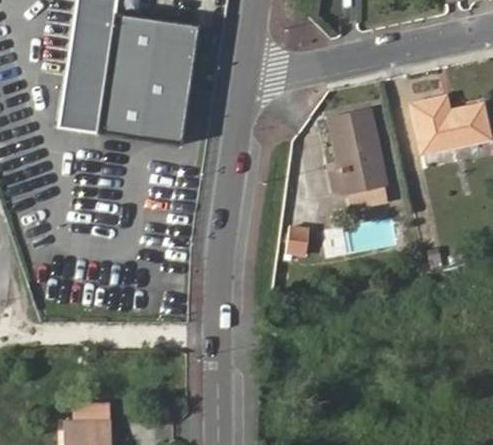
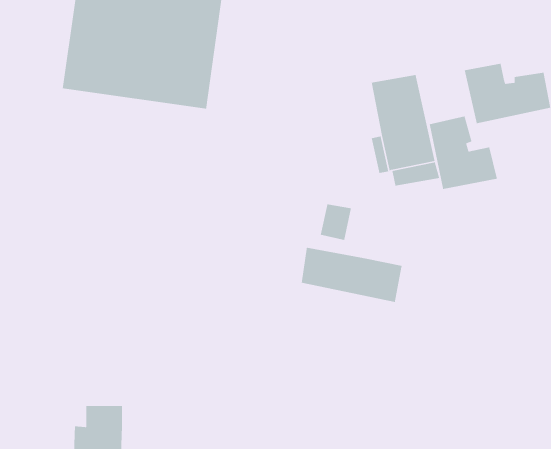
building: none -> [429,116,498,190]
building: none -> [301,247,403,303]

